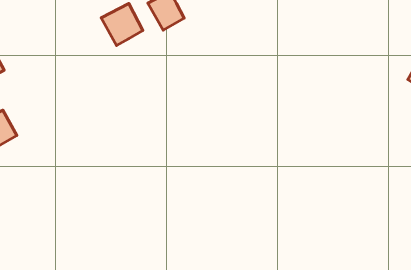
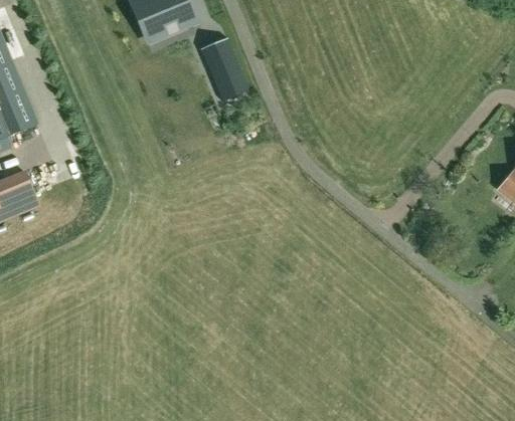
building: [101,4,143,45] -> none

